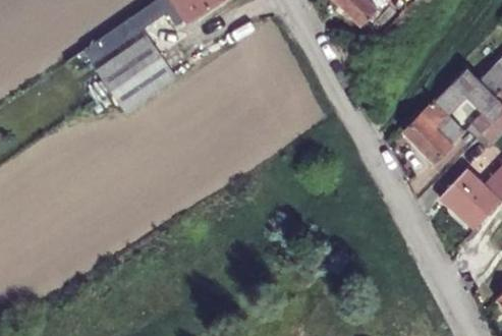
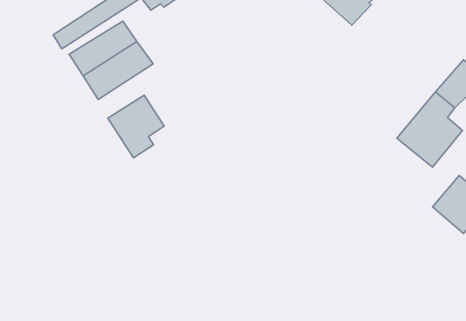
building: none -> [108,95,164,158]

